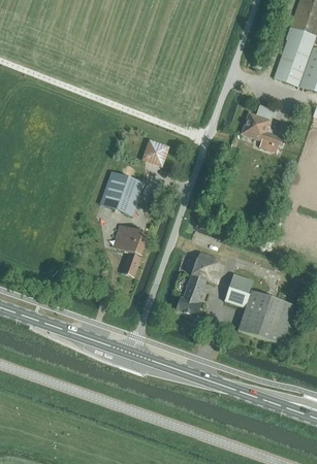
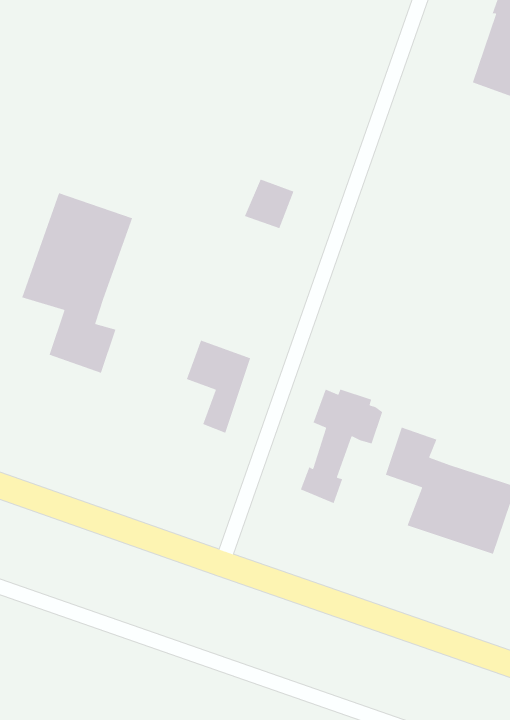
building: [242,106,283,146] -> none
building: none -> [21,192,133,374]
building: [100,171,145,214] -> none

